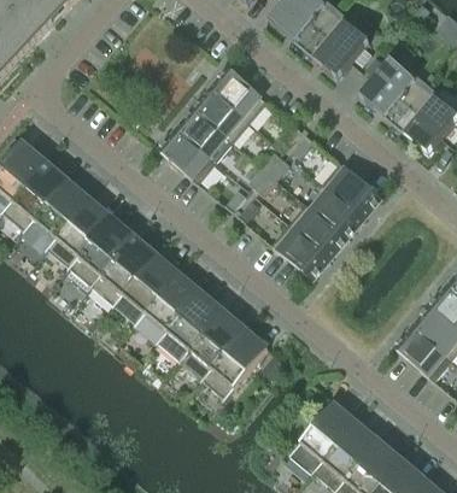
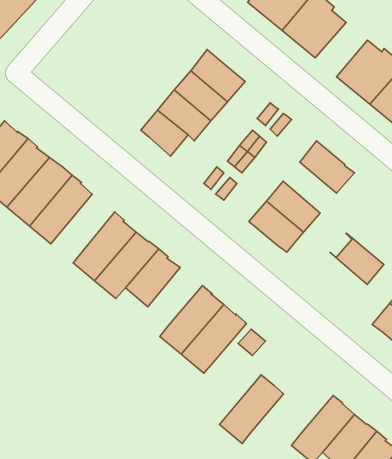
building: [305,183,359,235] -> [330,234,384,285]
building: [69,216,134,286] -> none
building: [158,290,223,360] -> none
building: [291,401,356,471] -> [220,375,284,443]

